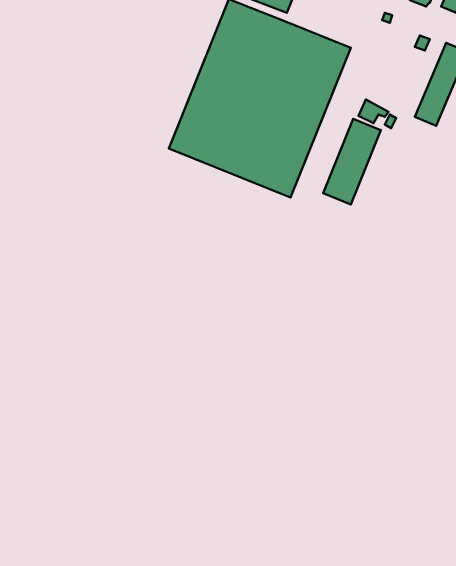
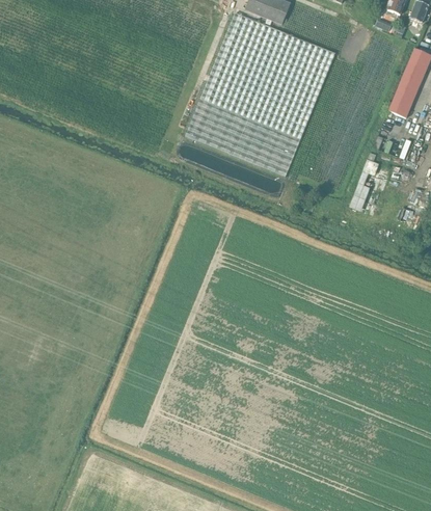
building: [323,119,381,205] -> none

